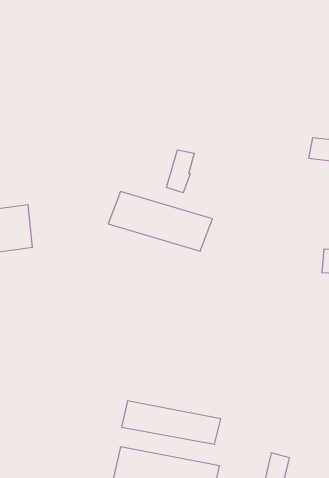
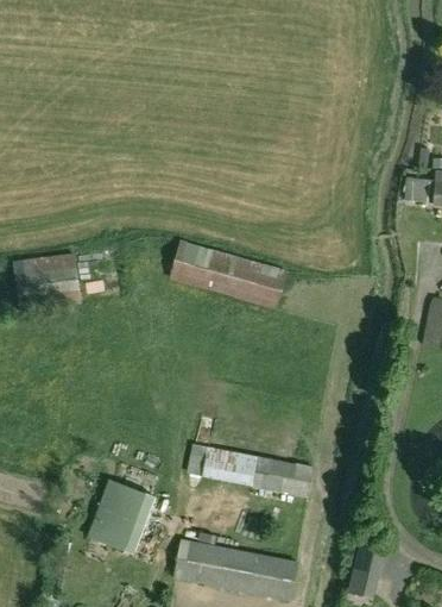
building: [166,150,194,193] -> none
building: none -> [91,483,152,551]
building: [122,401,221,444] -> [196,445,312,496]

